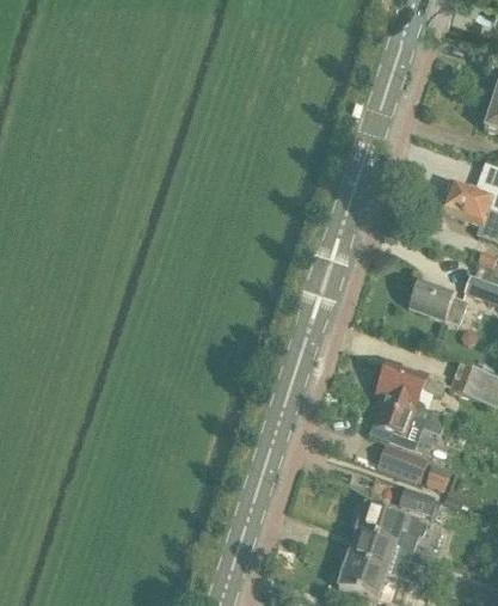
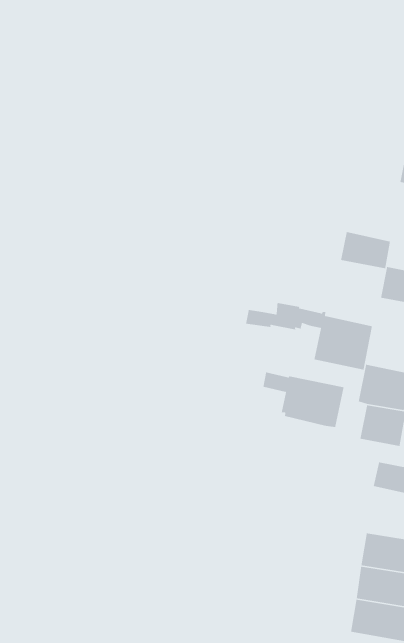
building: none -> [340,231,391,269]
building: none -> [245,302,373,370]
building: none -> [263,372,344,428]

